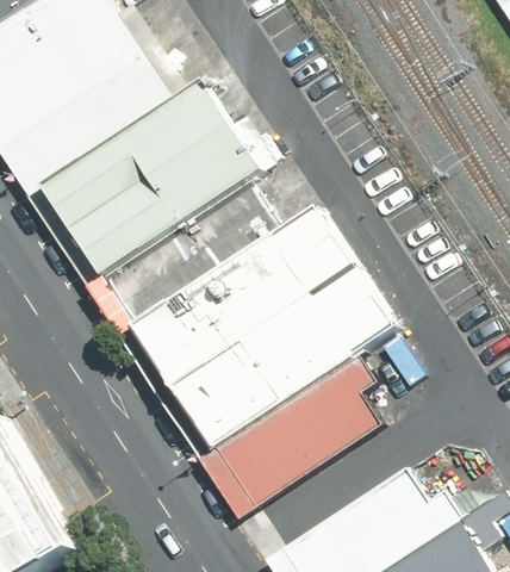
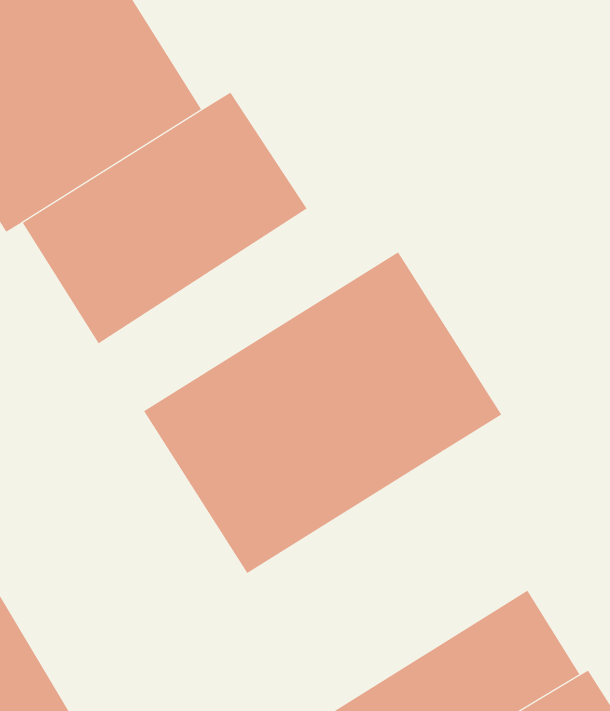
building: [83,172,290,332] -> none
building: [189,356,394,523] -> none

